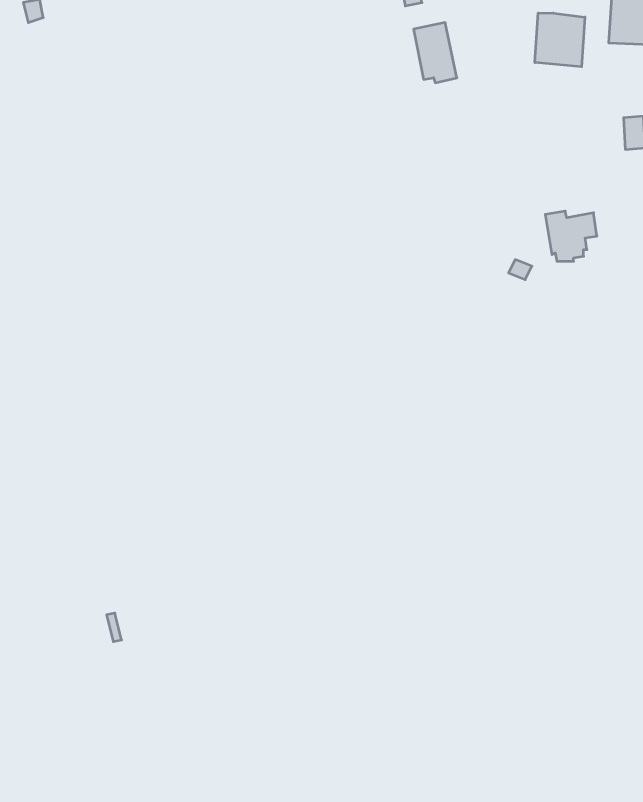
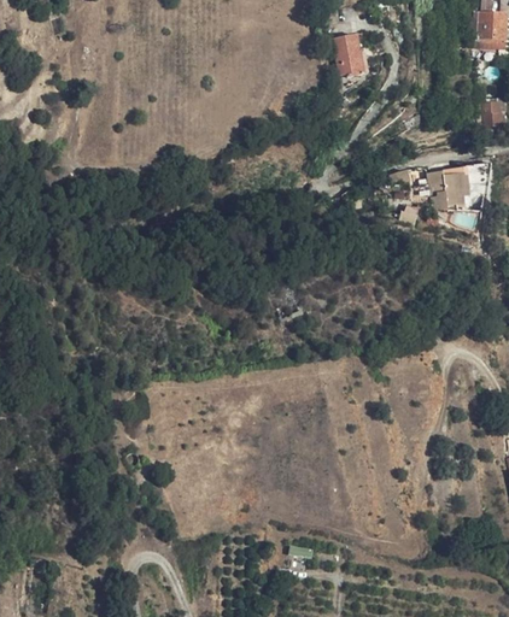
building: [535,13,585,67] -> none

